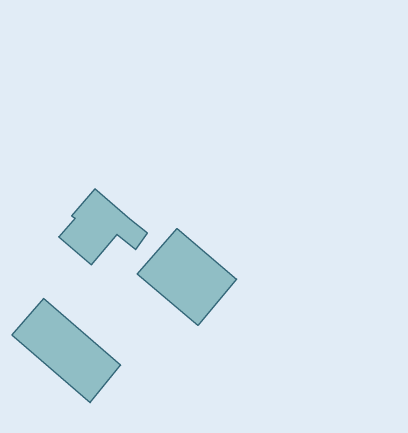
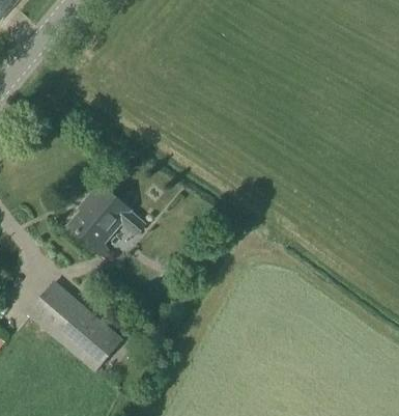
building: [137,229,237,325] -> none

